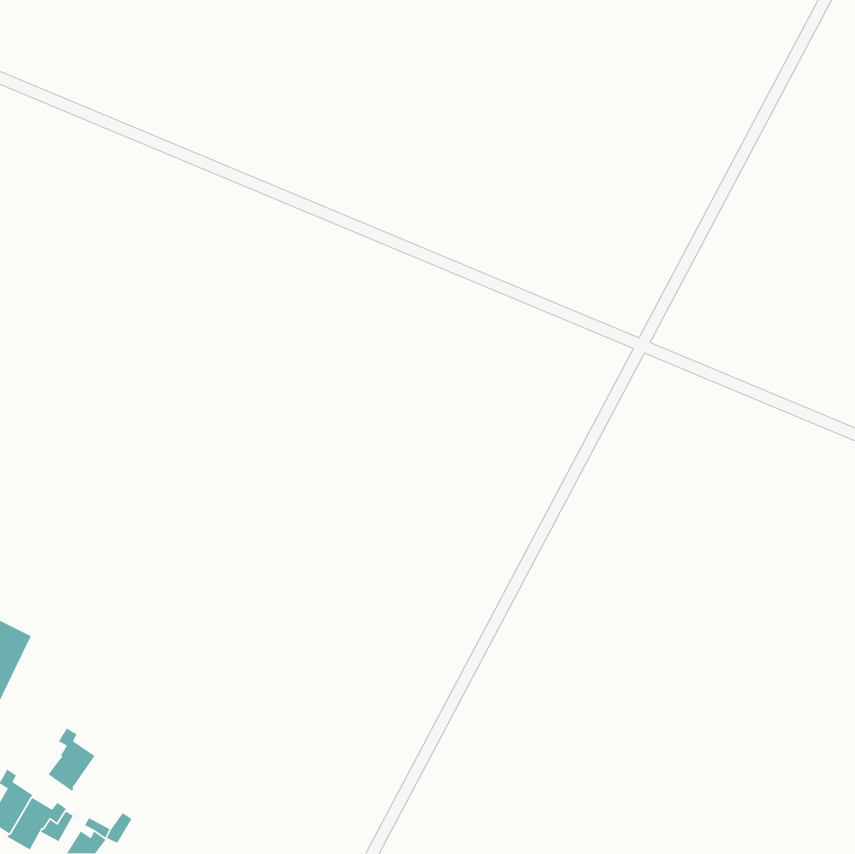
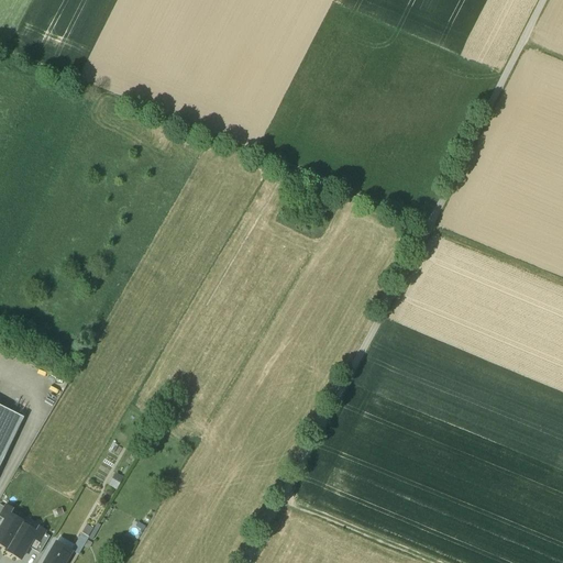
building: [47,727,96,792] -> none

